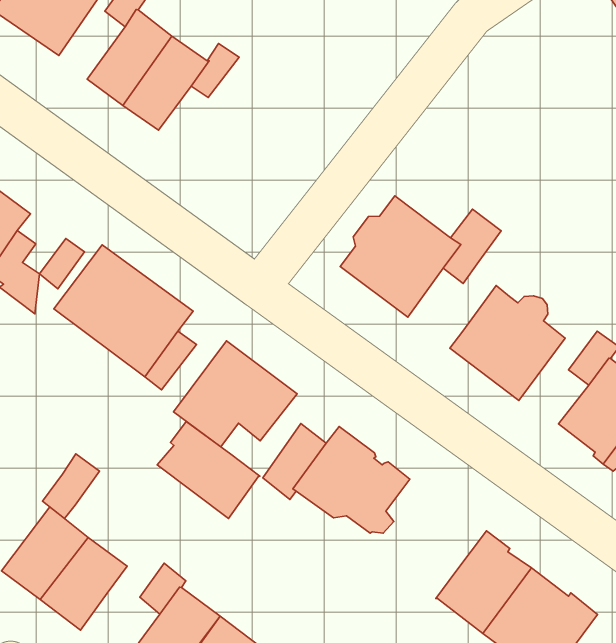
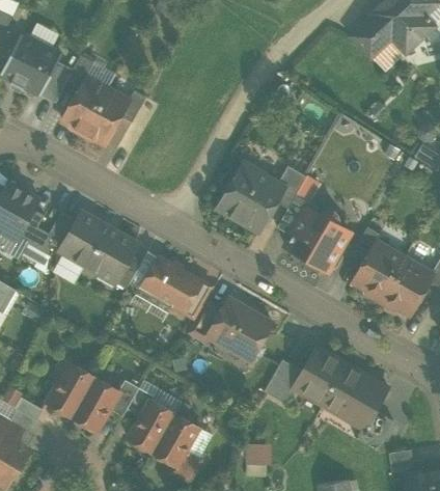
building: none -> [276,195,317,236]
building: [157,422,260,518] -> none
building: [43,454,100,519] -> [108,379,138,416]
building: none -> [263,359,303,405]

